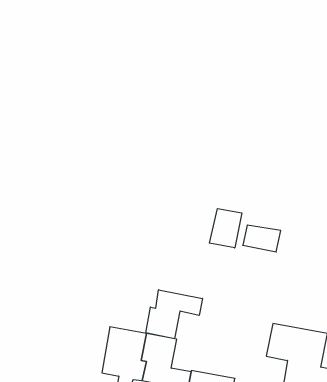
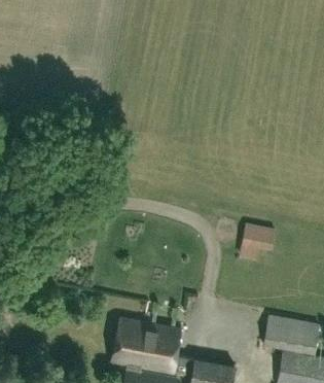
building: [209,209,242,248] -> none
building: [146,290,202,339] -> none

